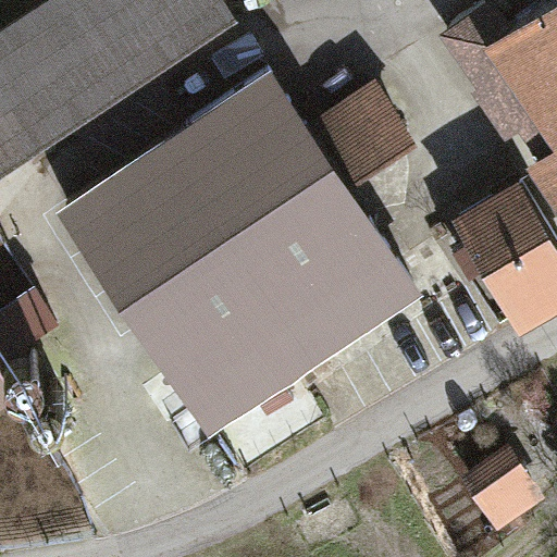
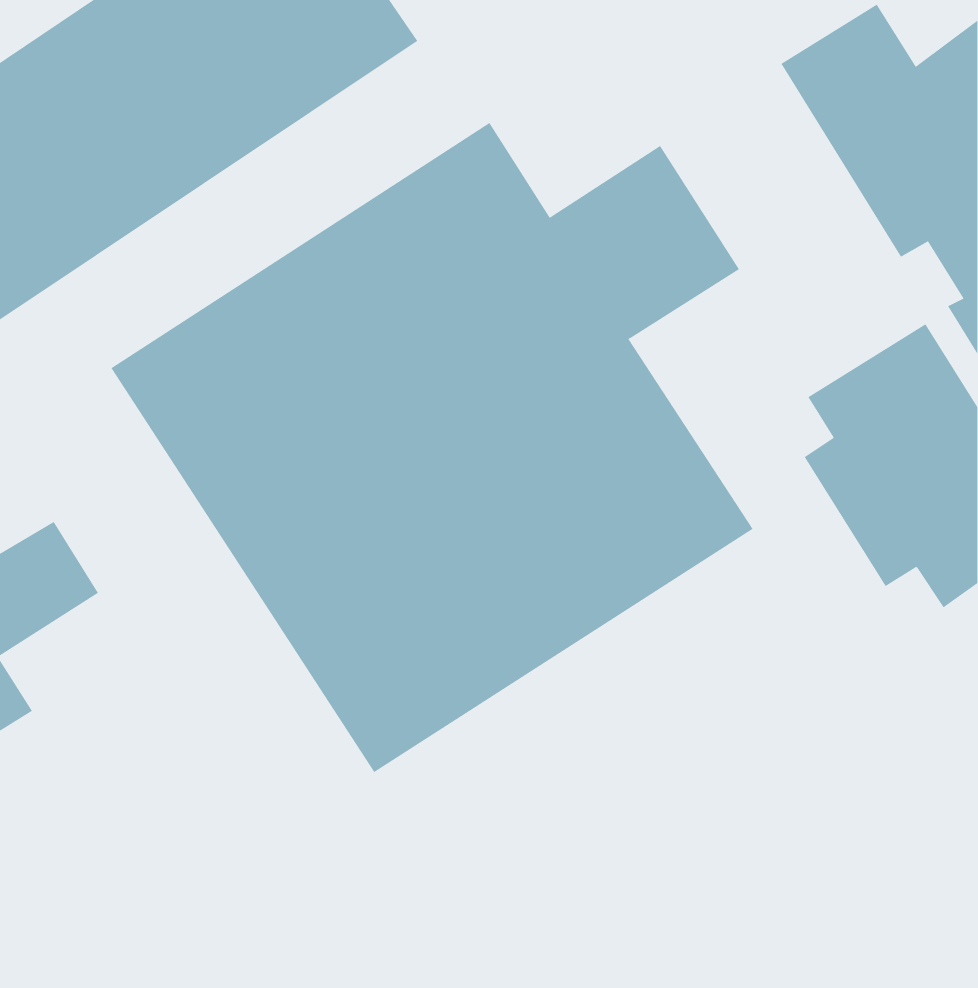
building: [455,438,537,524] -> none

